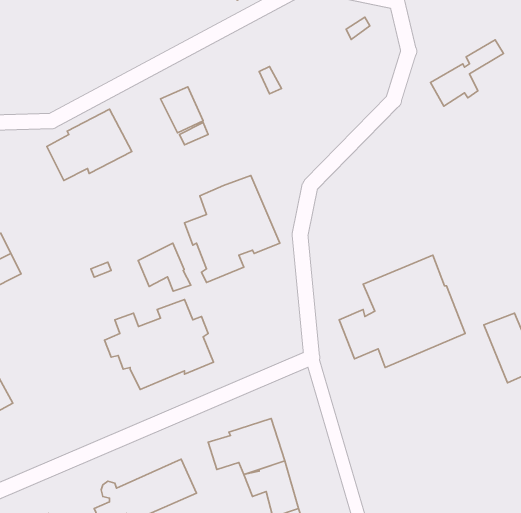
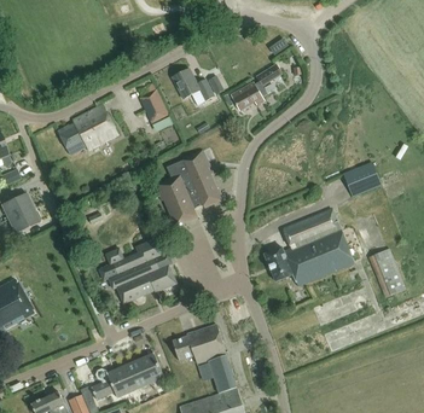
building: [430,40,504,106] -> [230,64,281,111]
building: none -> [172,68,214,100]
building: none -> [342,162,381,197]
building: [138,243,191,291] -> none

